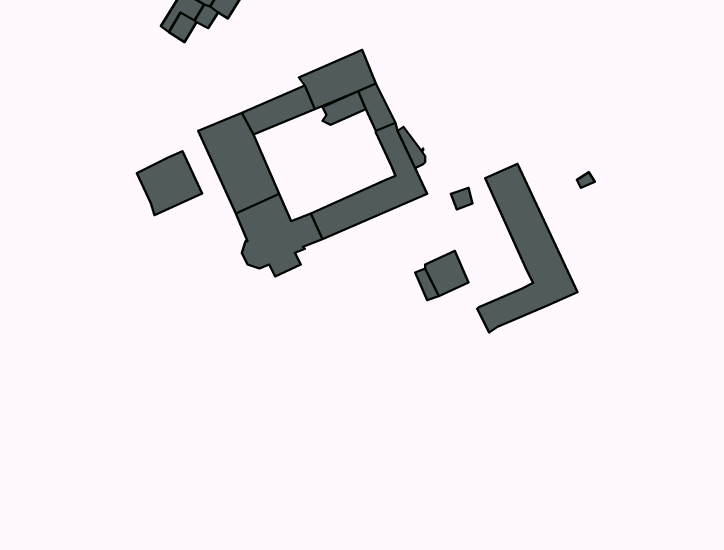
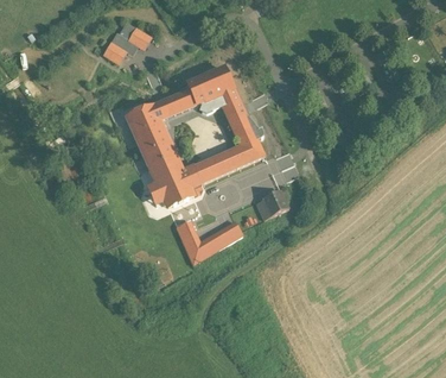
building: [137,151,202,215] -> none
building: [477,164,577,332] -> none
building: none -> [176,221,242,264]

